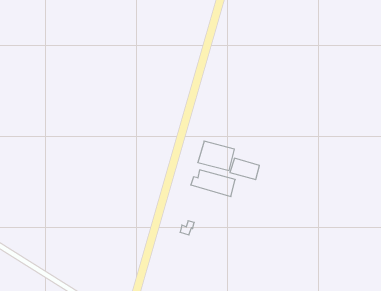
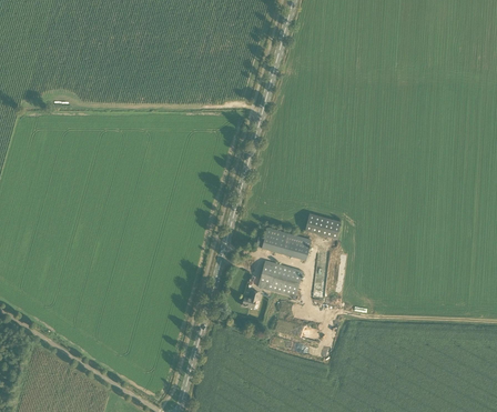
building: [198,141,234,170] -> [256,259,302,295]

